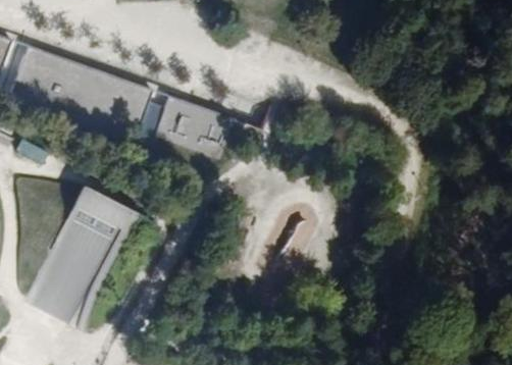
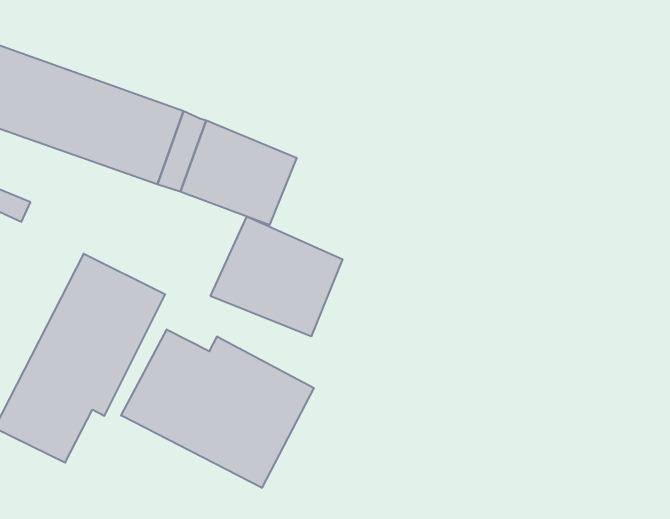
building: none -> [211,216,343,336]
building: none -> [121,329,314,488]

